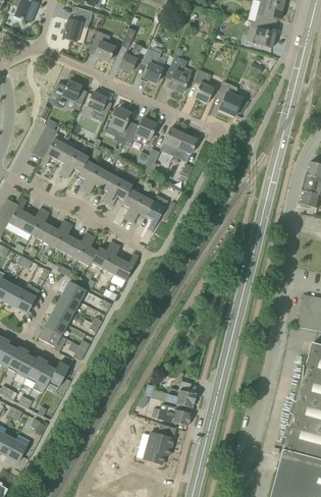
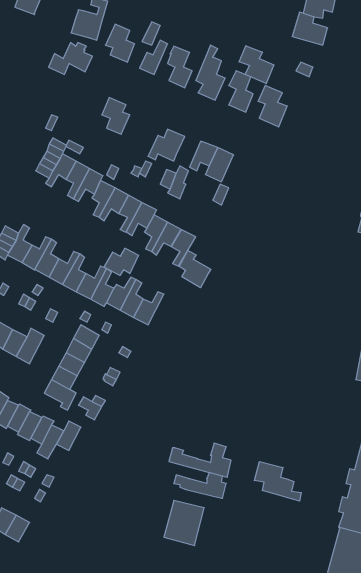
building: none -> [239,46,274,84]
building: [50,79,87,106] -> [49,43,92,74]
building: [105,106,133,142] -> none
building: none -> [104,248,138,275]
building: none -> [179,250,211,288]
building: none -> [254,462,301,501]

